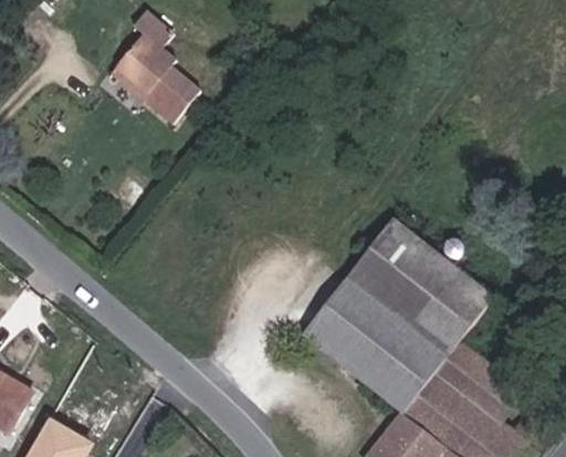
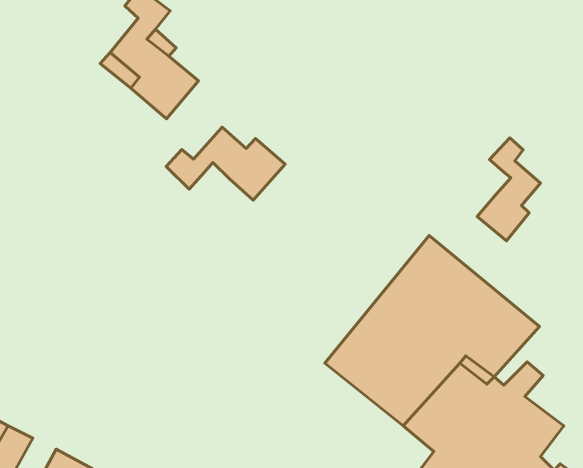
building: none -> [166,127,285,200]
building: none -> [477,138,540,241]

